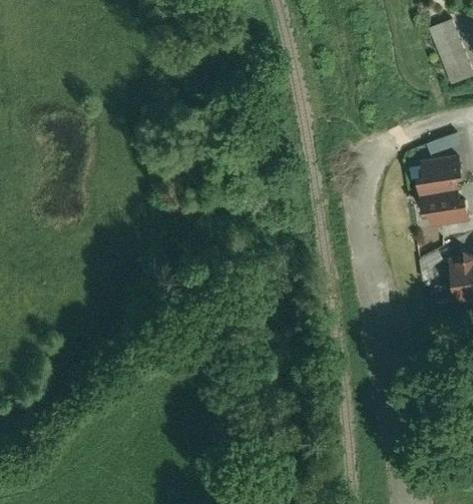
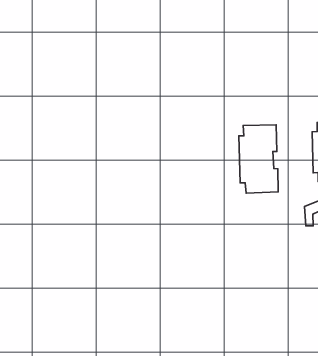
building: none -> [239,125,278,193]

